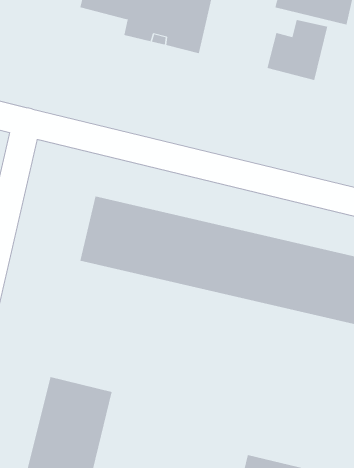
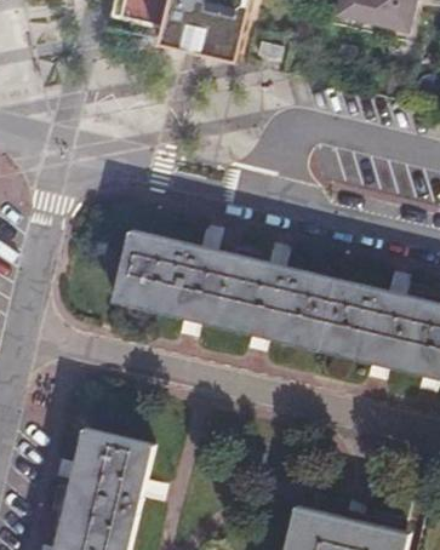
building: [267,19,328,81] -> none

